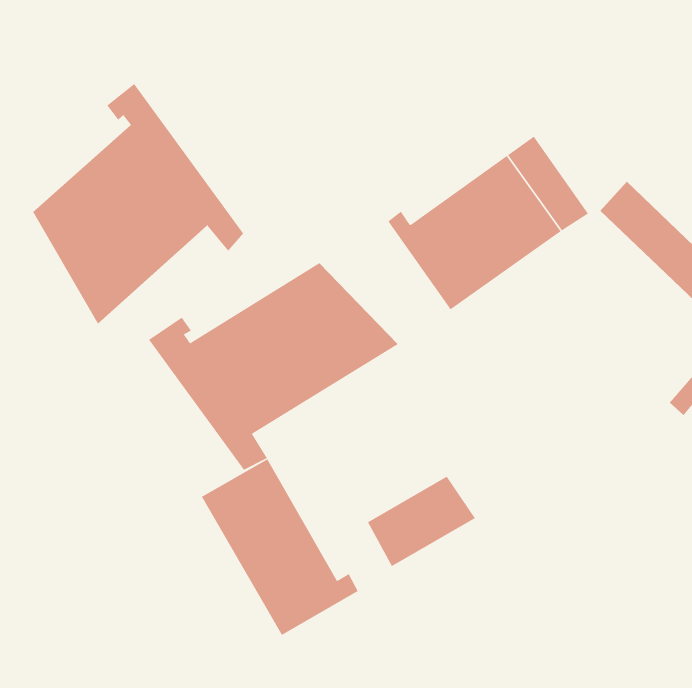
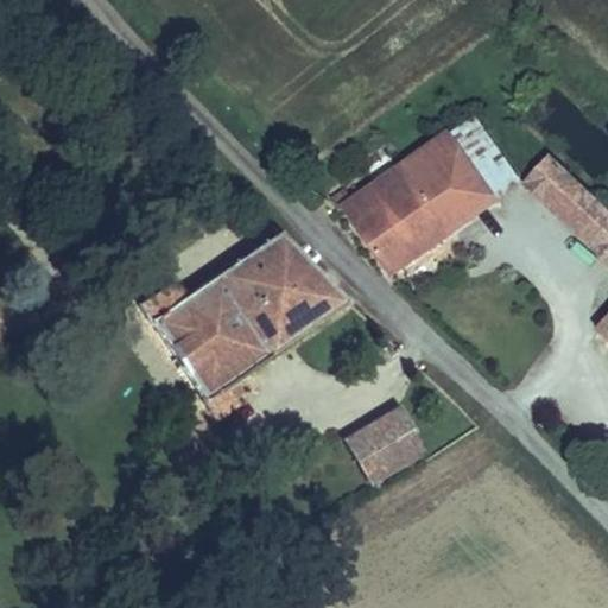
building: [33,83,244,325] -> none
building: [201,458,359,636] -> none

